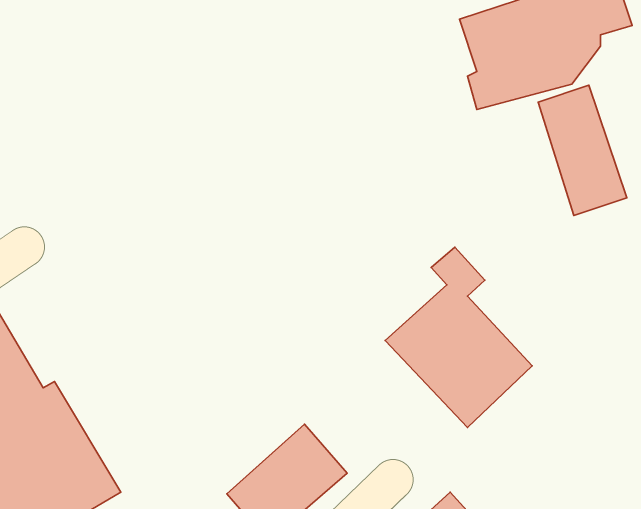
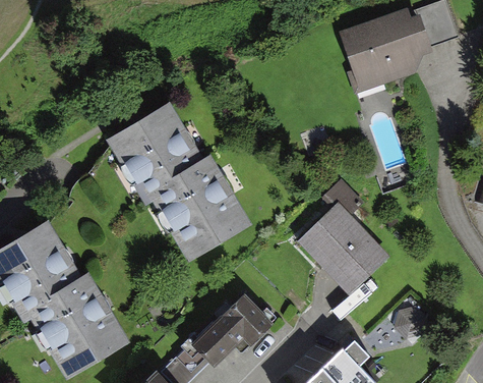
building: [538,85,627,215] -> none
building: none -> [109,107,252,262]

